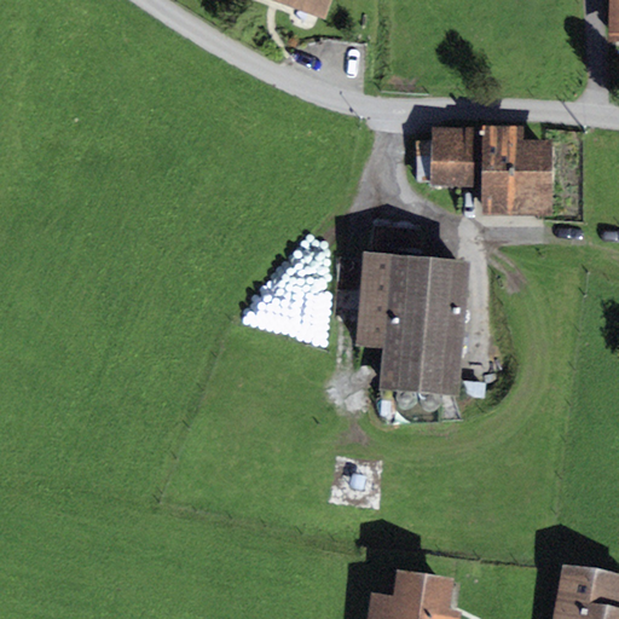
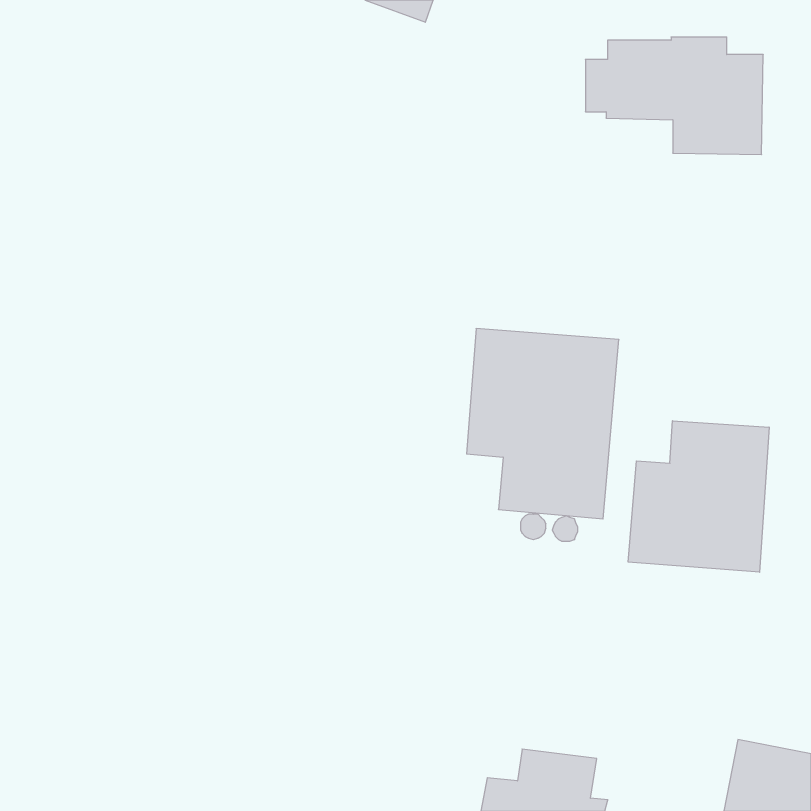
building: [416,125,551,214] -> [585,37,763,155]
building: none -> [628,421,769,572]

